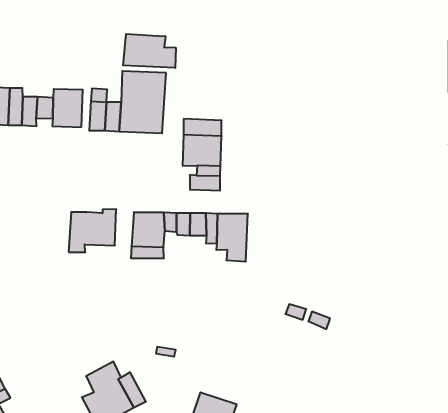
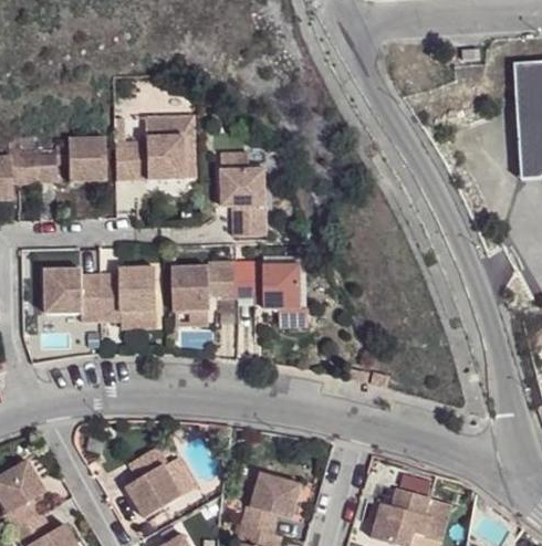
building: [123,34,176,68] -> none
building: none -> [48,272,100,322]

